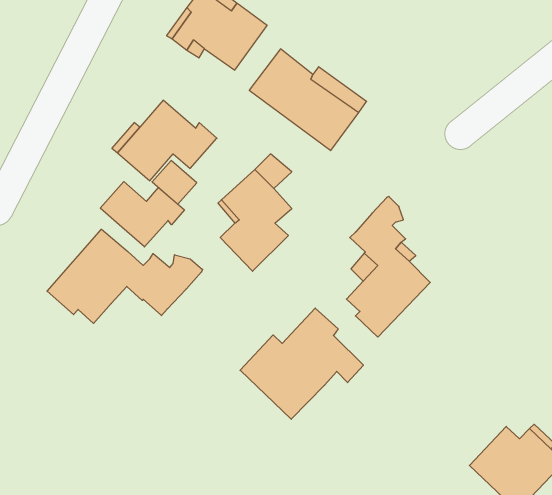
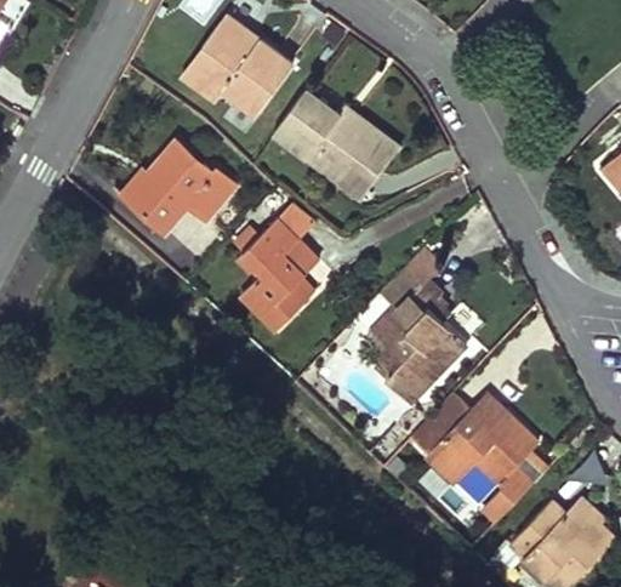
building: [100,182,184,247] -> none
building: [47,229,203,323] -> none
building: [240,308,363,419] -> none
building: none -> [410,394,537,523]

